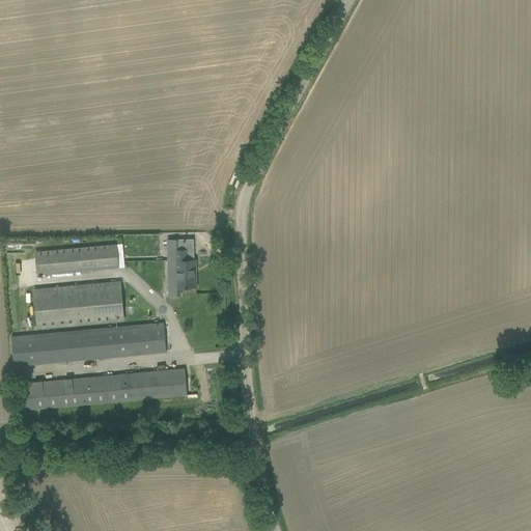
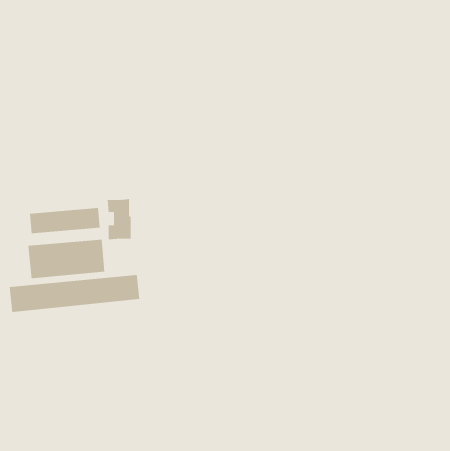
building: [166,239,195,287] -> [107,198,132,240]
building: [15,368,187,411] -> none

